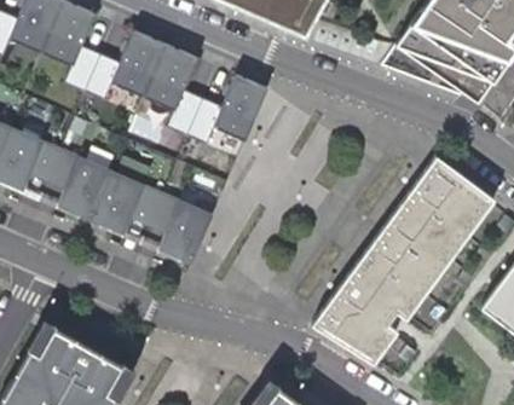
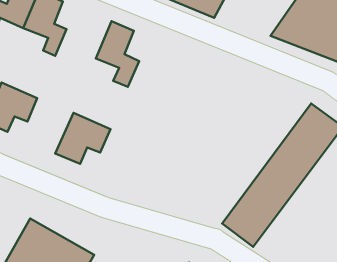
building: [83,30,162,98] -> none
building: [185,74,264,143] -> none
building: [45,150,109,227] -> none
building: [146,193,210,271] -> none

